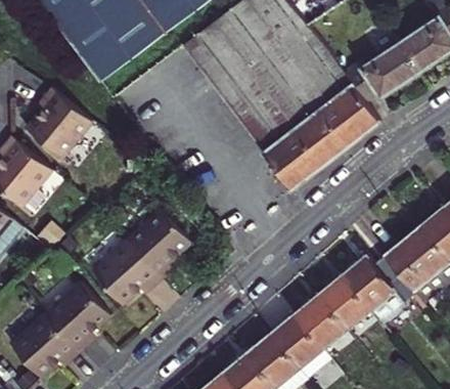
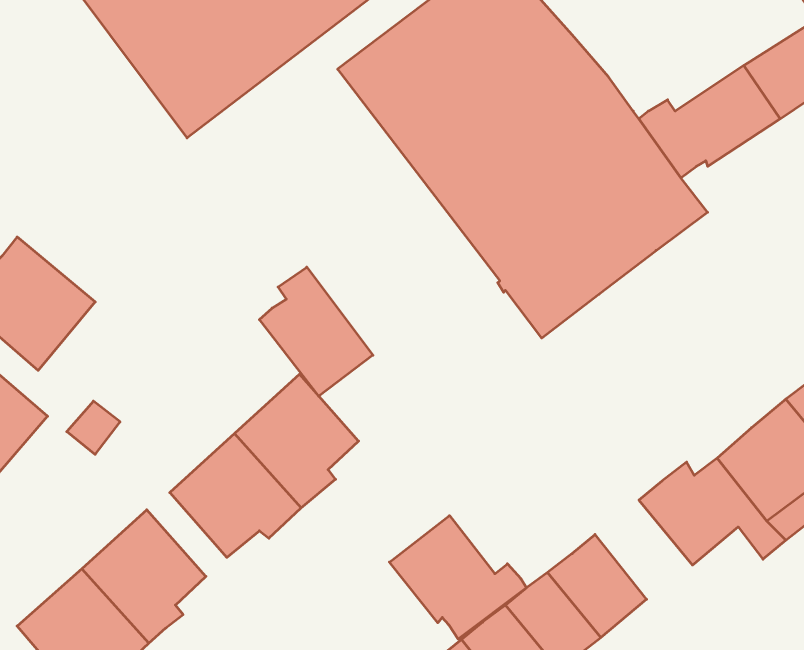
building: [27,87,93,158] -> none
building: none -> [259,267,373,396]
building: [319,275,371,329] -> none
building: none -> [389,516,526,639]

